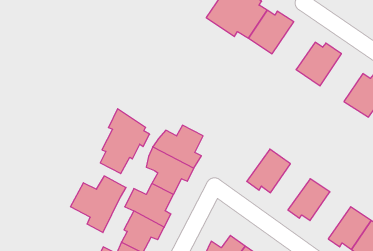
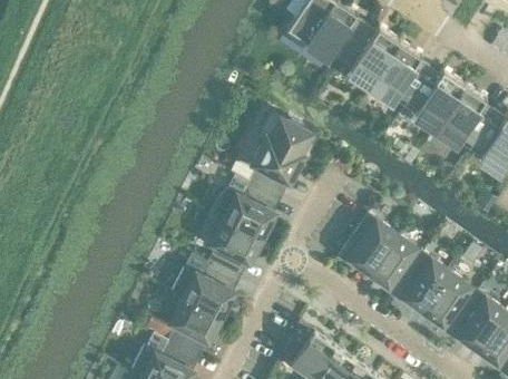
building: none -> [370,41,428,106]
building: none -> [434,85,492,149]
building: [100,109,150,174] -> [248,108,315,196]
building: none -> [368,234,421,297]
building: [71,176,126,233] -> none
building: none -> [421,272,476,336]

